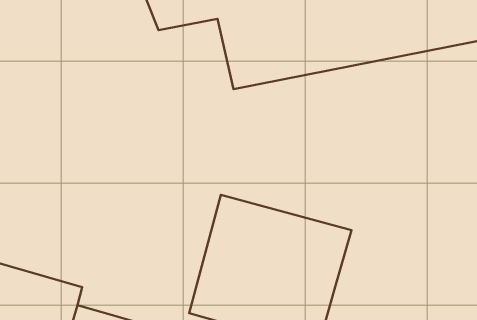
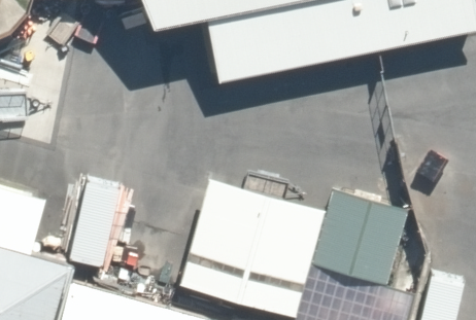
building: none -> [310,182,407,286]

